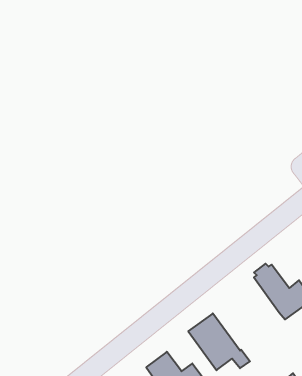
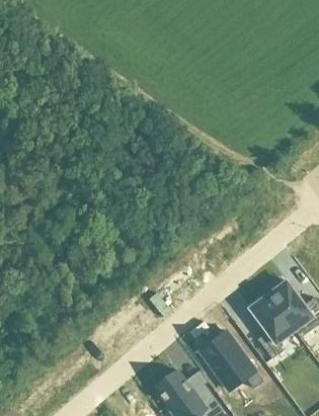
building: none -> [249,293,294,357]

